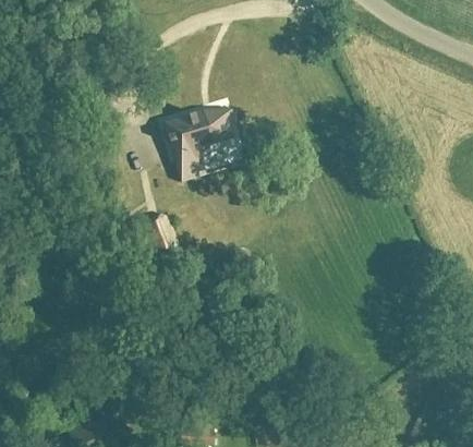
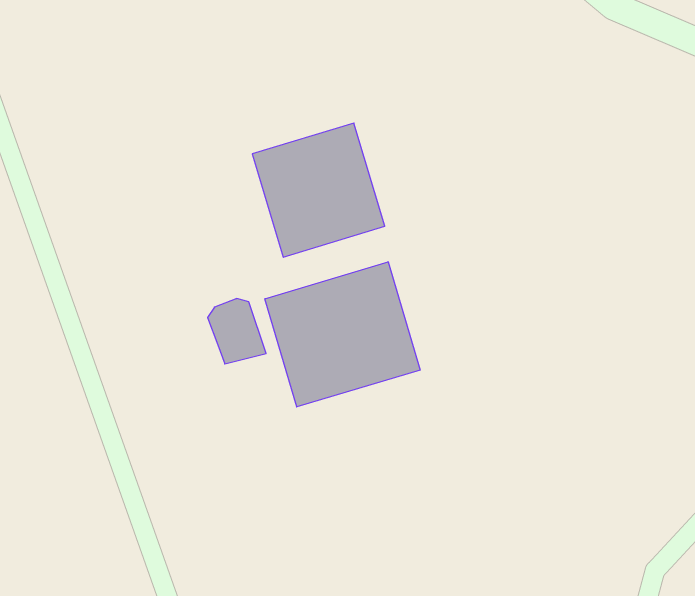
building: none -> [265,262,420,407]

